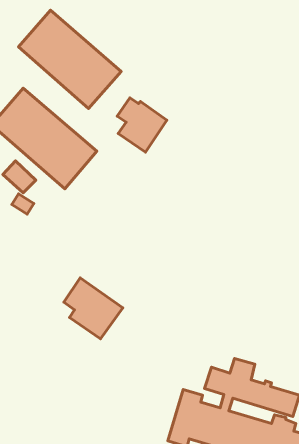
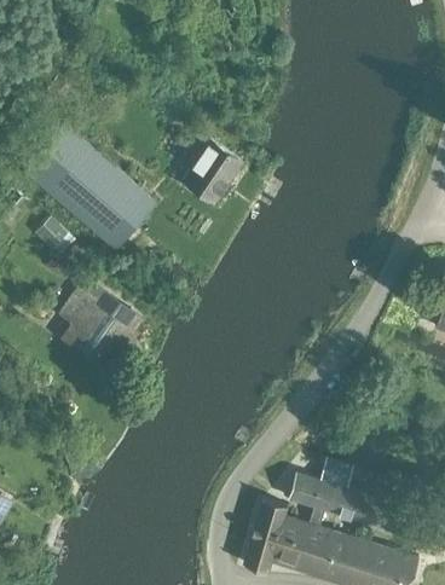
building: [19,10,121,108] -> none
building: [64,278,123,339] -> [64,283,138,359]

